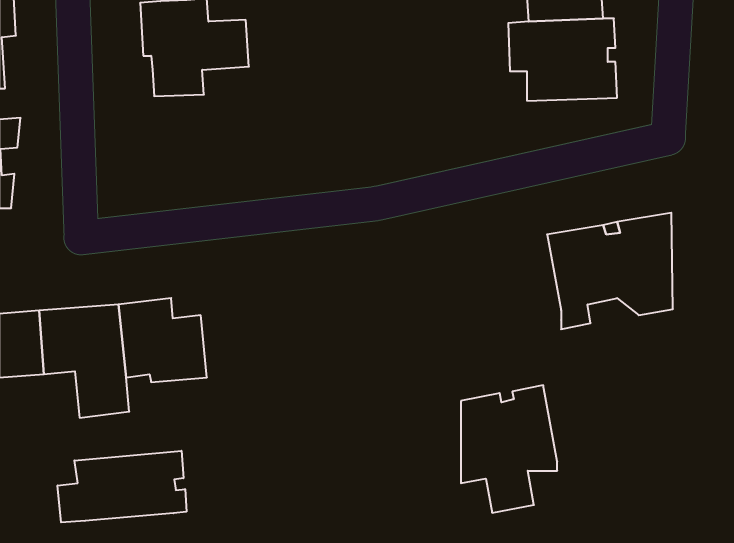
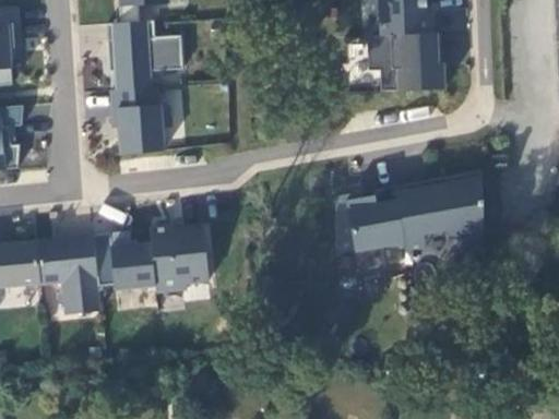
building: none -> [111,83,168,151]
building: none -> [148,219,209,289]
building: [461,385,557,513] -> [335,182,403,272]
building: [58,451,186,522] -> none

